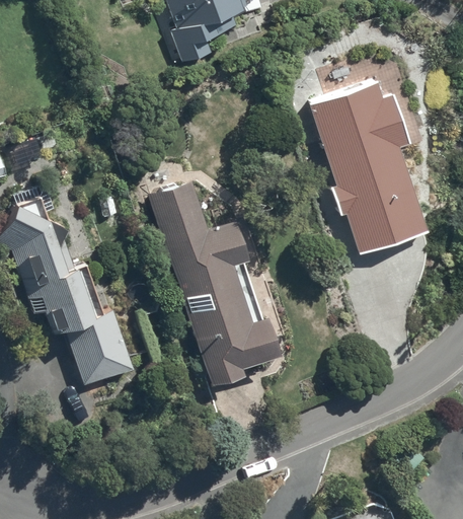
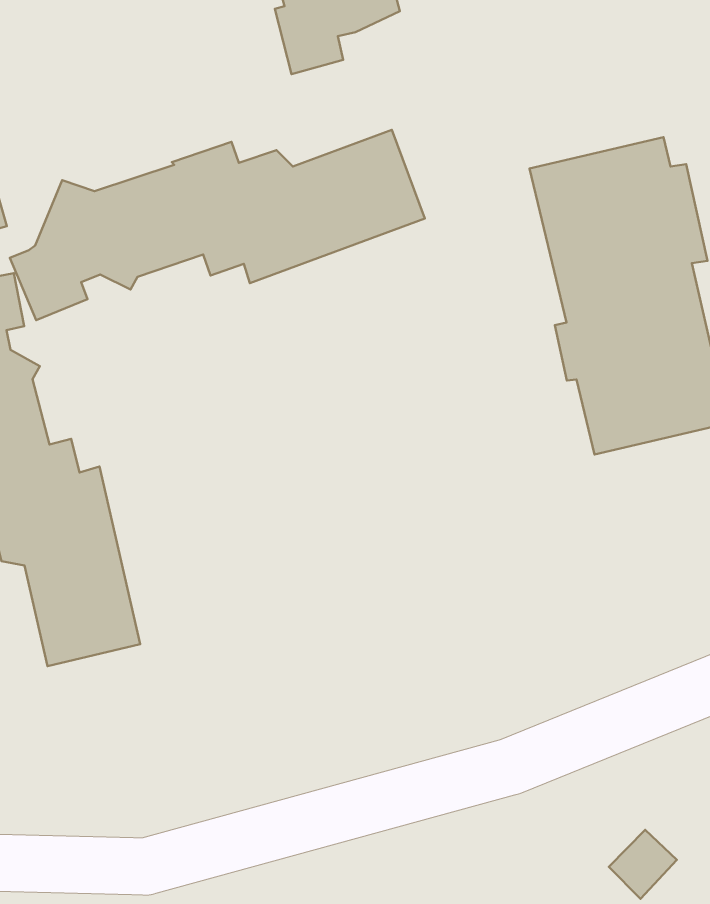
building: none -> [10,130,425,320]
building: [146,180,278,389] -> none

